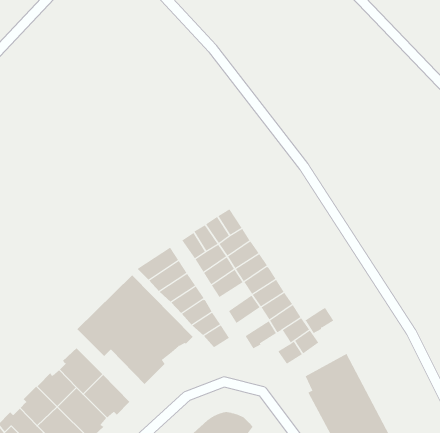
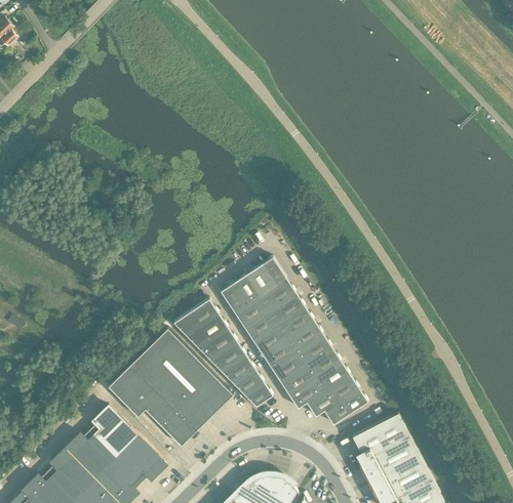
building: none -> [262,337,297,368]
building: [304,307,334,334] -> [306,388,338,417]
building: none -> [280,364,315,395]

